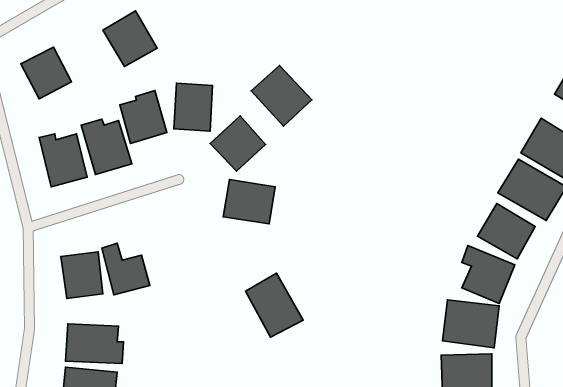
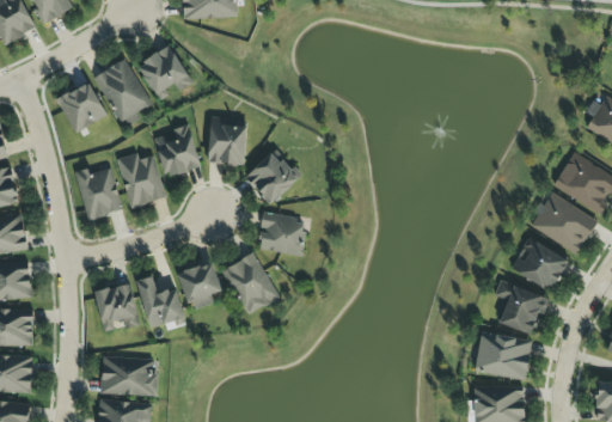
building: none -> [94,59,151,128]
building: [251,66,312,126] -> none
building: none -> [178,262,221,311]
building: [245,273,303,337] -> [222,252,280,316]

